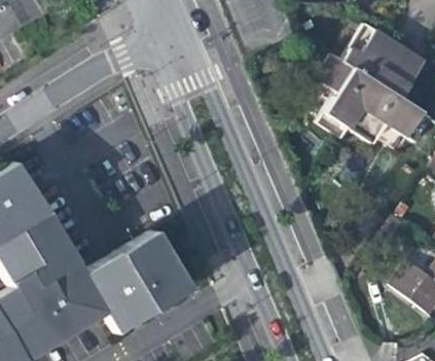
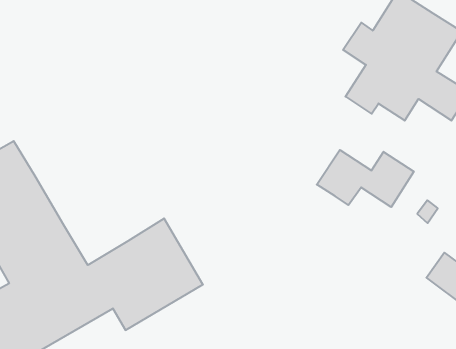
building: none -> [317,150,414,207]

